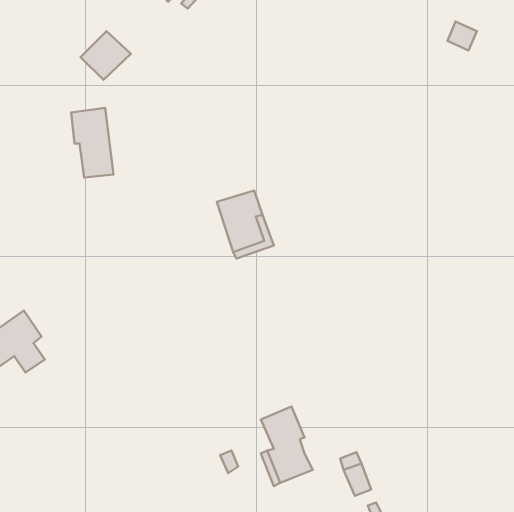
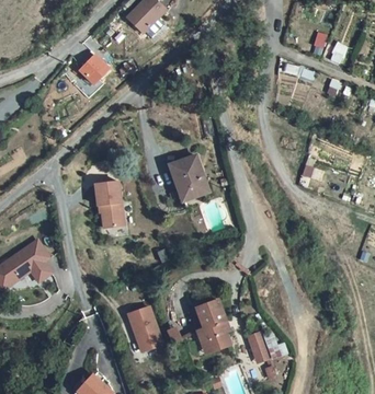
building: [71,108,113,178] -> [95,184,124,231]
building: none -> [130,309,164,354]

